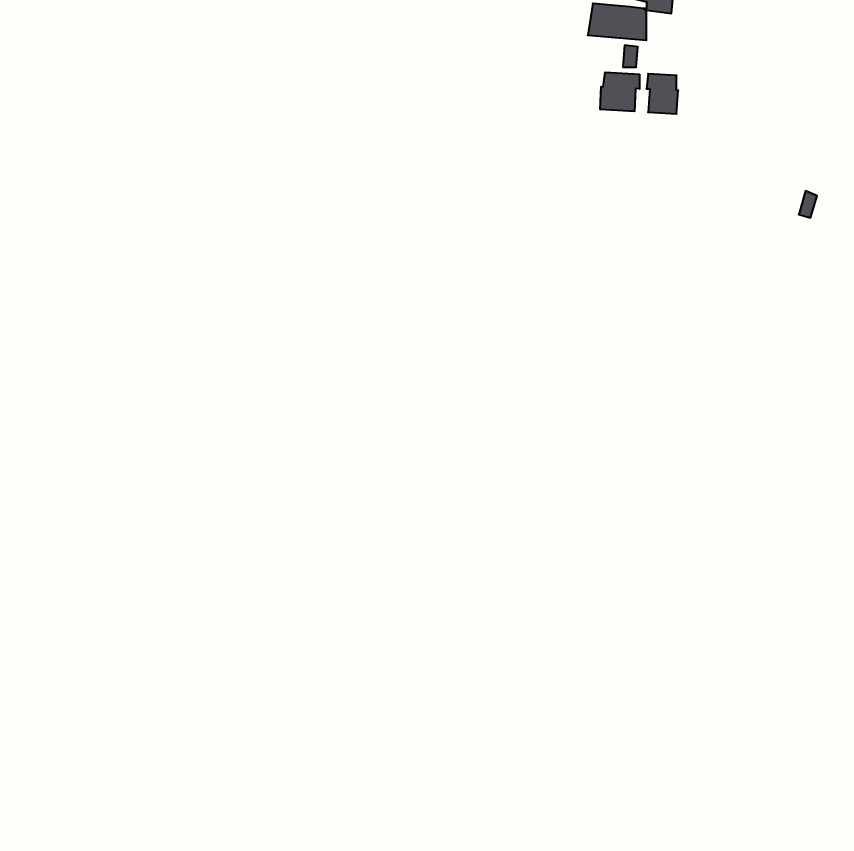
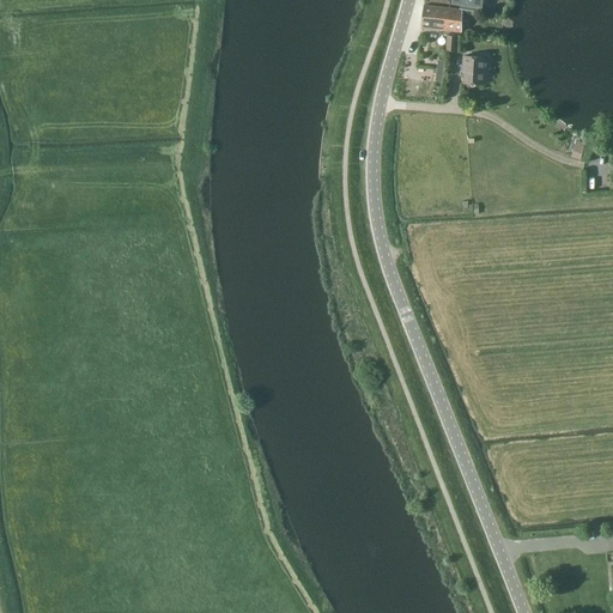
building: [600,72,640,111] -> none

